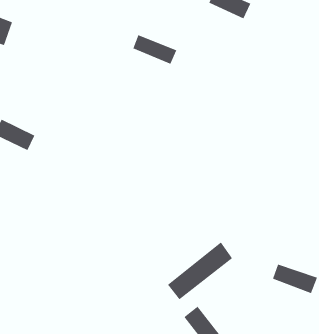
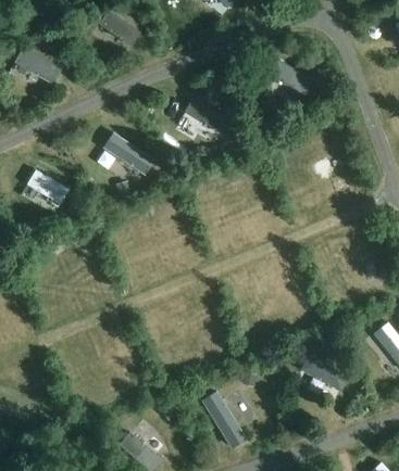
building: none -> [96,131,155,173]
building: [167,242,233,300] -> none

